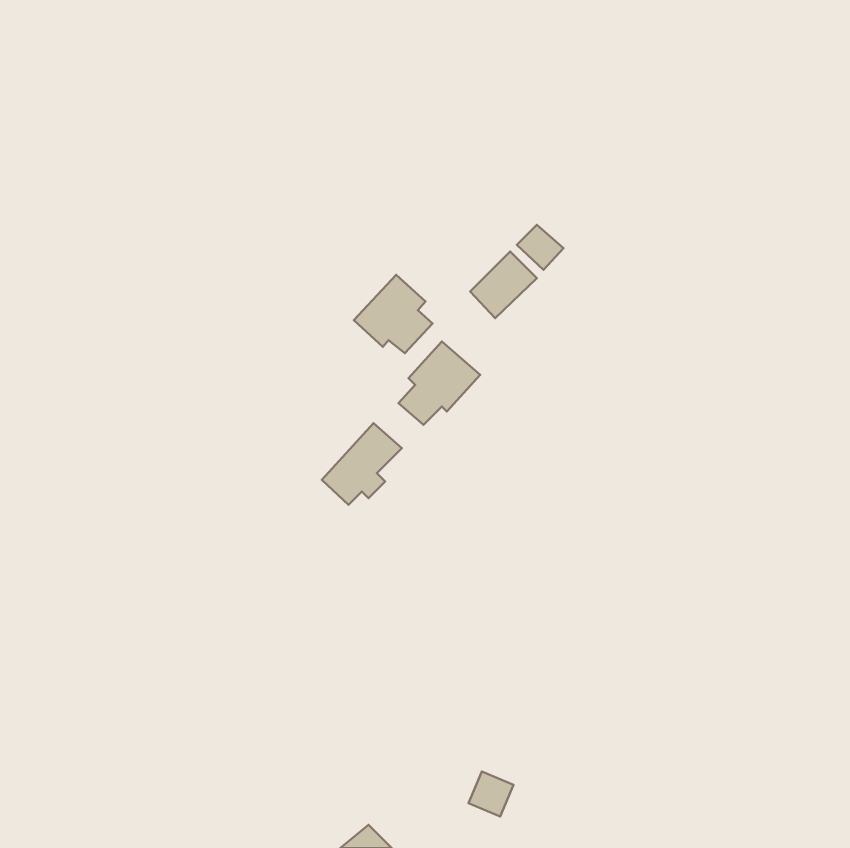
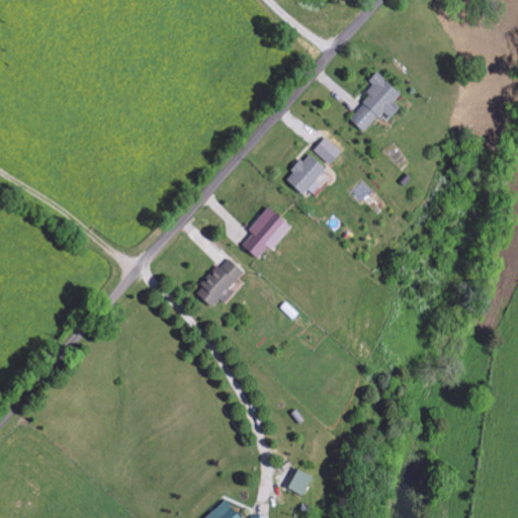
building: none -> [348,72,400,132]
building: [354,275,433,353] -> none

